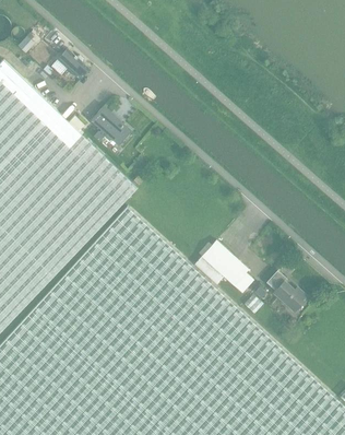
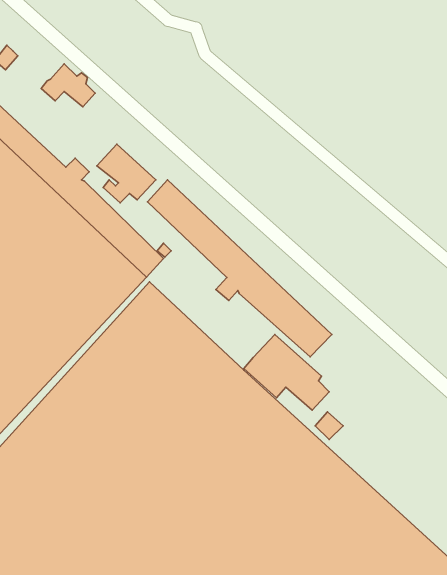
building: none -> [148,180,332,357]
building: [266,272,307,311] -> none

